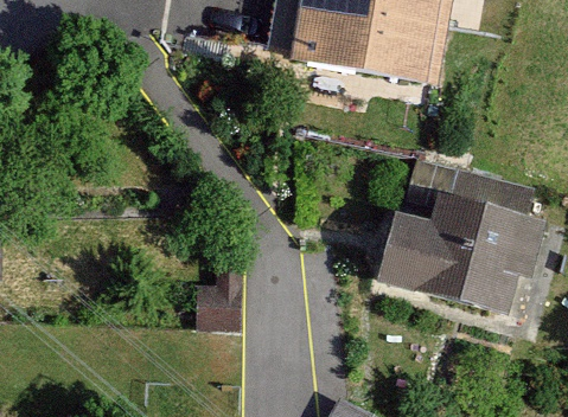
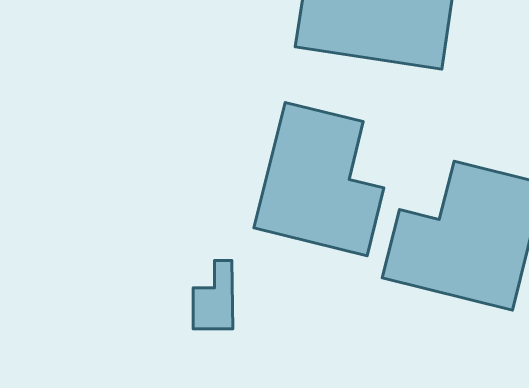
building: none -> [254,102,384,256]

